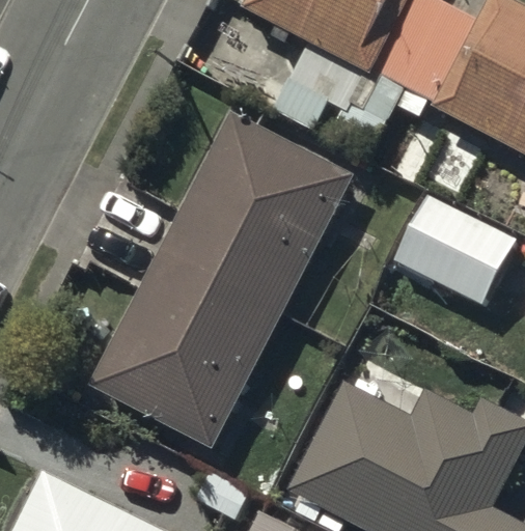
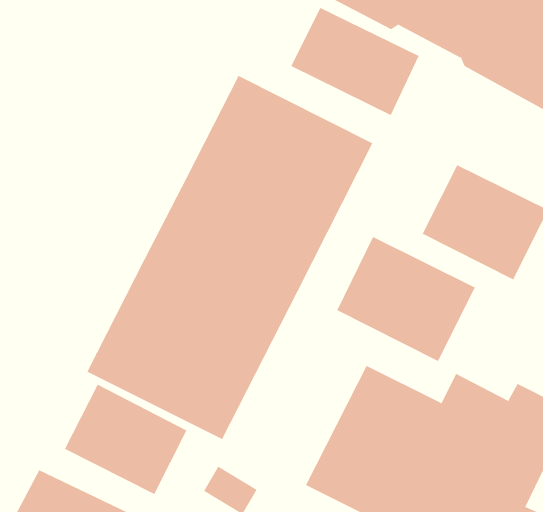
building: none -> [336,236,475,362]
building: none -> [64,384,187,495]

